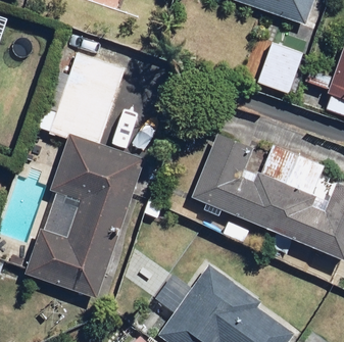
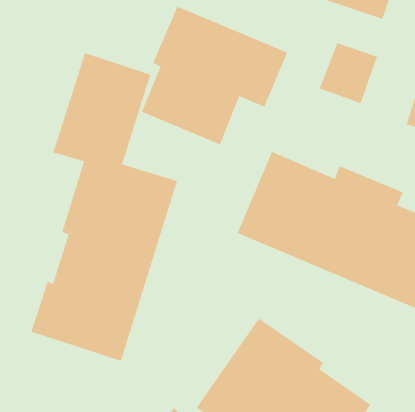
building: none -> [141,6,288,145]

